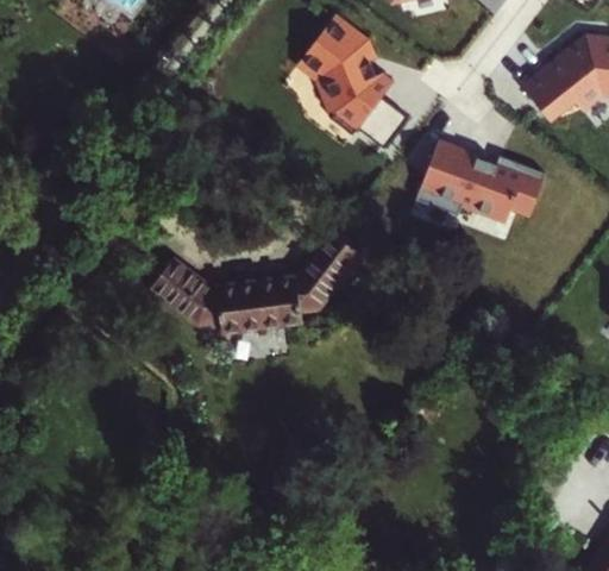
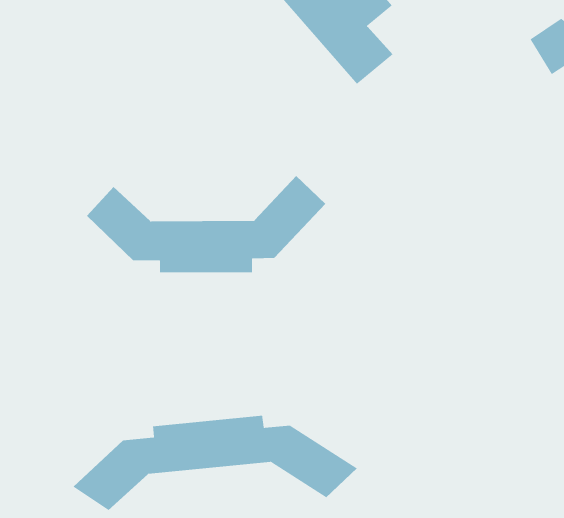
building: [415,143,538,224] -> none
building: none -> [73,415,358,511]

